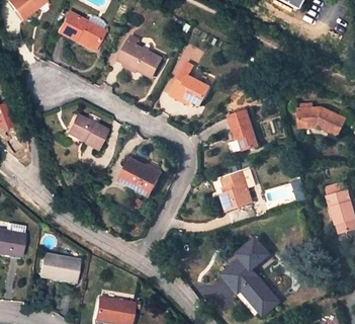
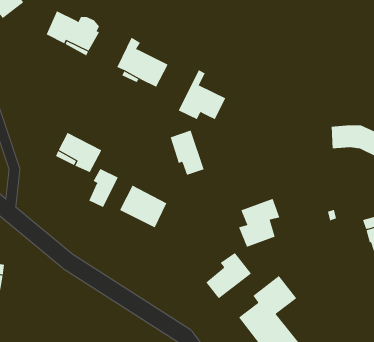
building: [231,110,260,149] -> [170,130,205,176]
building: none -> [88,168,118,208]
building: none -> [205,252,252,299]
building: [41,253,79,280] -> none

